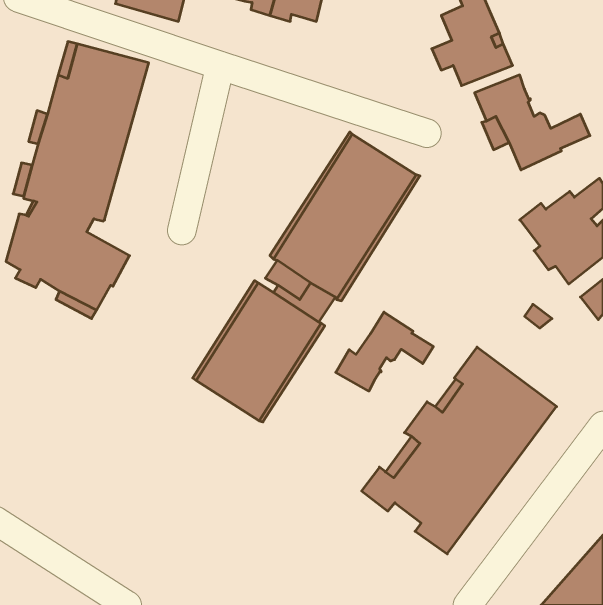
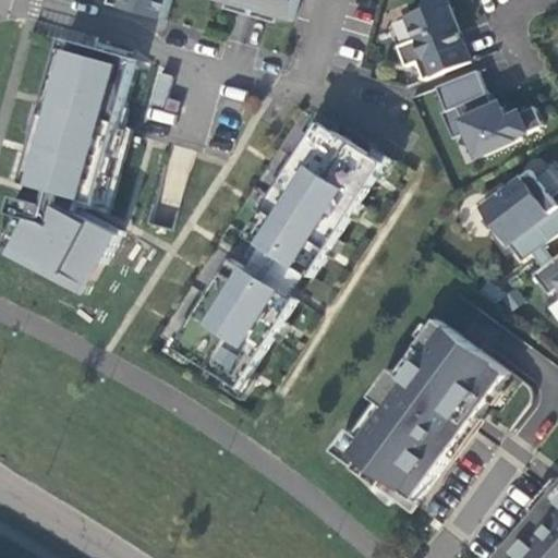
building: [336,312,433,391] -> none

